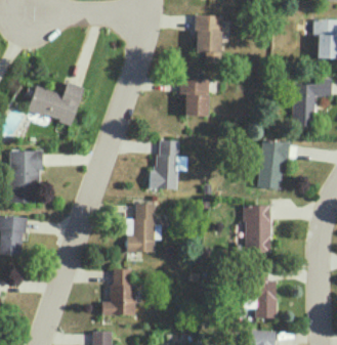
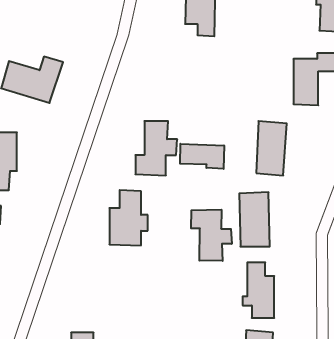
building: [179,79,209,117] -> none
building: none -> [180,144,224,169]
building: none -> [191,210,232,261]
building: [101,269,135,314] -> none

